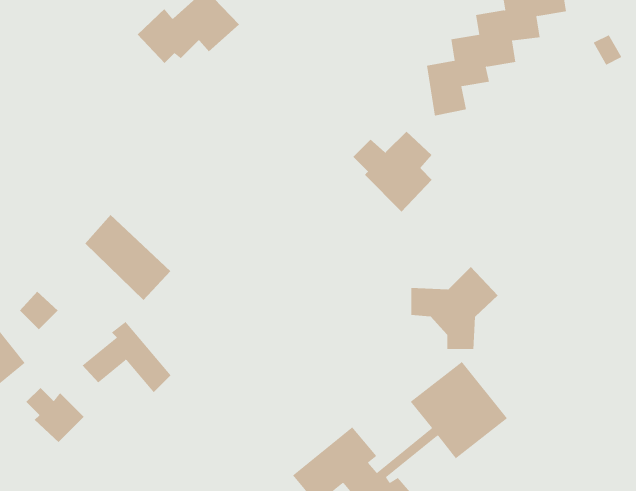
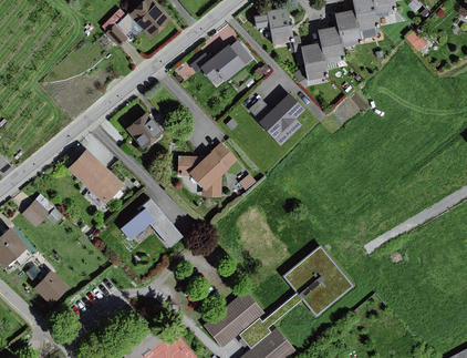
building: none -> [253,9,289,45]
building: none -> [189,40,253,89]
building: none -> [124,111,163,150]
building: [410,266,499,350] -> [177,142,237,198]
building: [82,321,172,393] -> [118,198,179,247]

